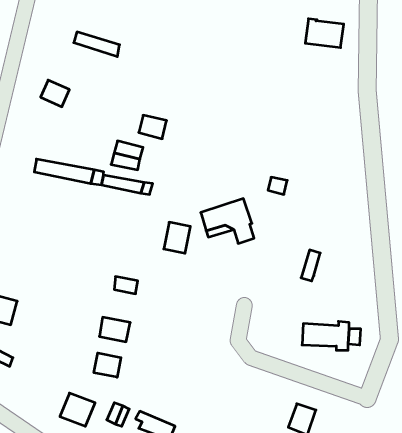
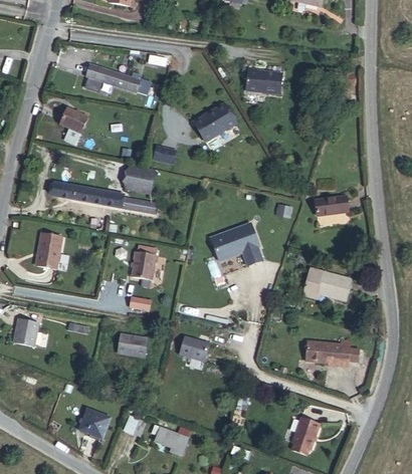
building: [305,19,344,48] -> [245,69,281,96]
building: none -> [194,106,235,145]
building: none -> [316,194,351,213]
building: none -> [35,231,62,266]
building: [164,222,190,253] -> [130,251,155,280]
building: none -> [318,273,354,303]
building: none -> [179,336,208,362]
building: [94,353,121,377] -> none

